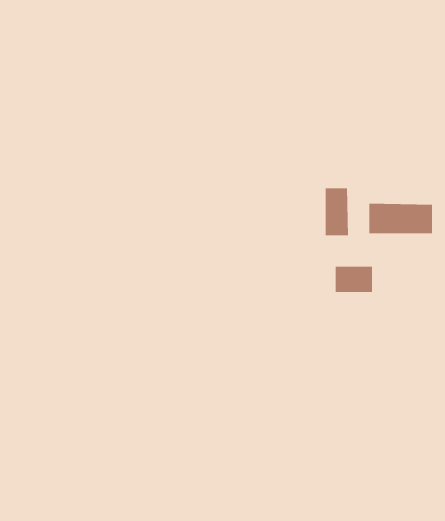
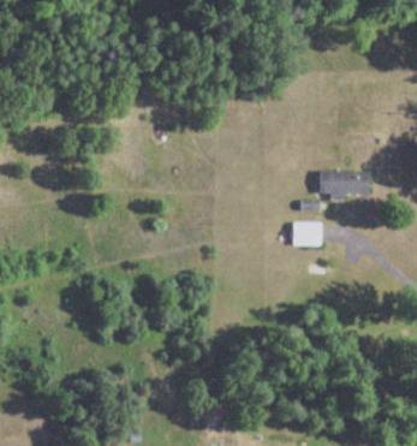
building: [325,188,349,236] -> none

